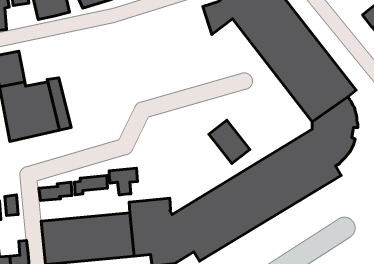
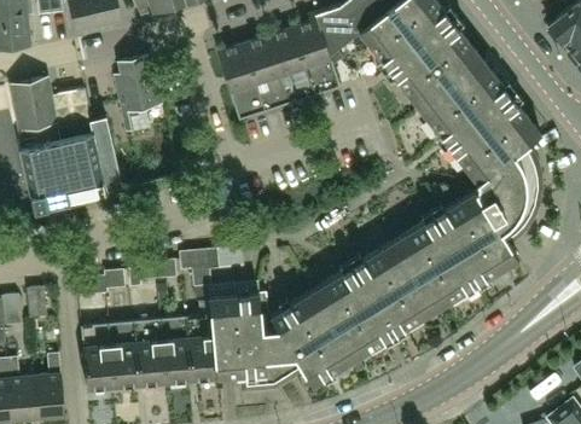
building: none -> [216,13,339,120]
building: none -> [114,56,161,132]
building: [209,120,250,164] -> none

